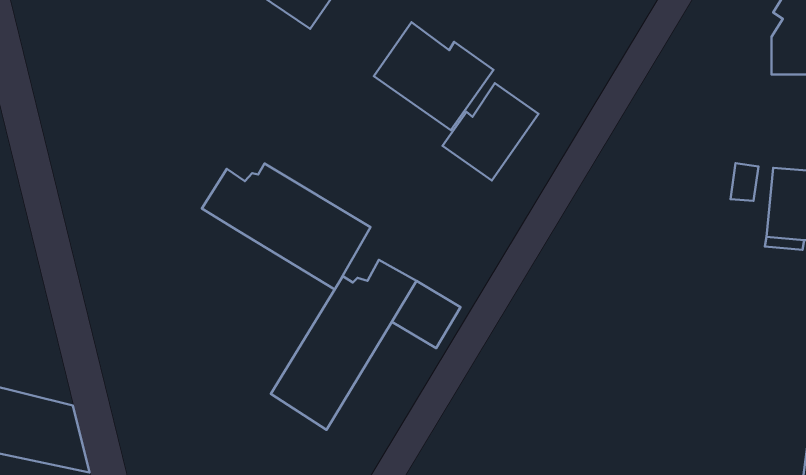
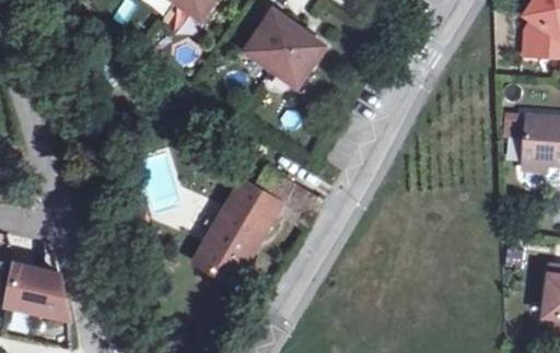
building: [443,83,538,180] -> none
building: [202,163,370,289] -> none

